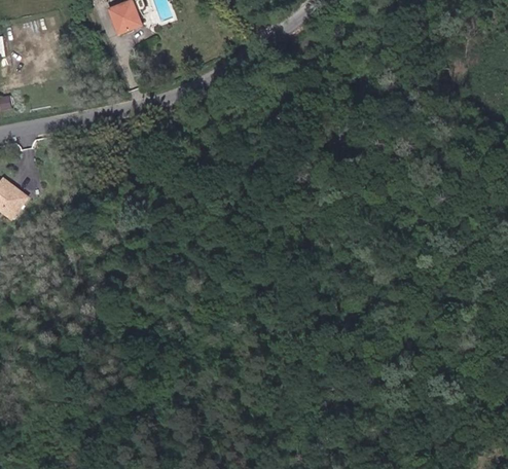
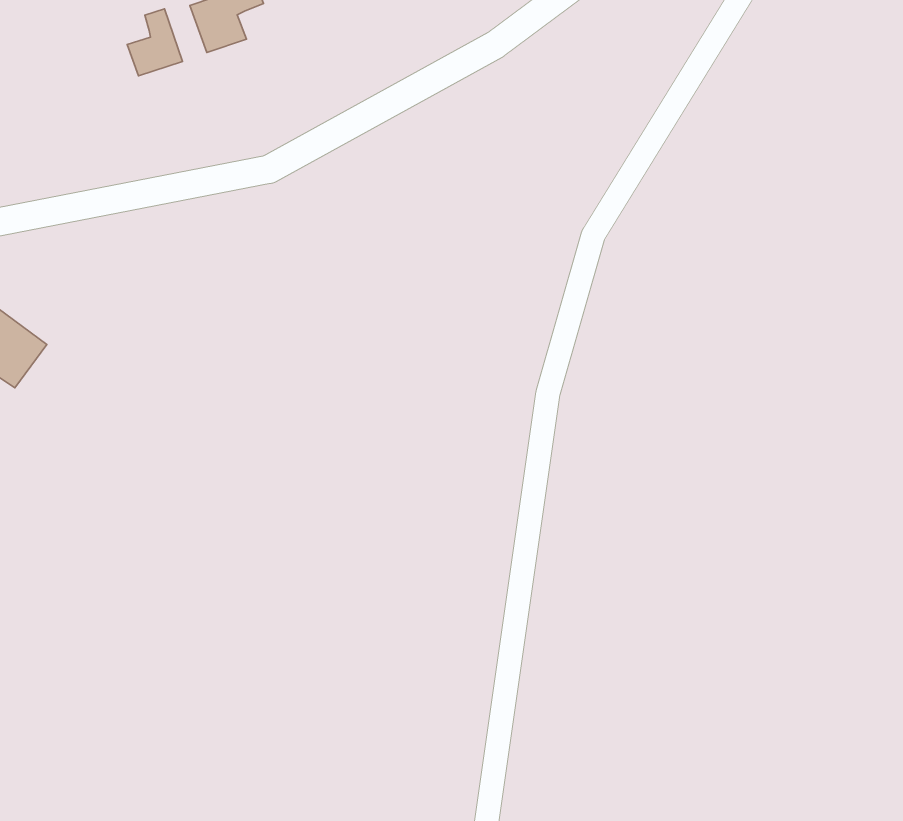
building: none -> [127,9,182,76]

